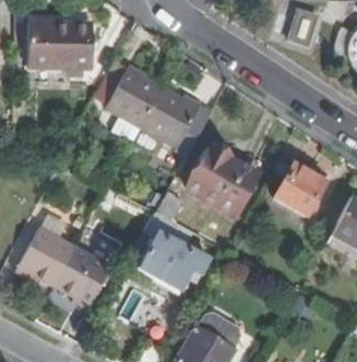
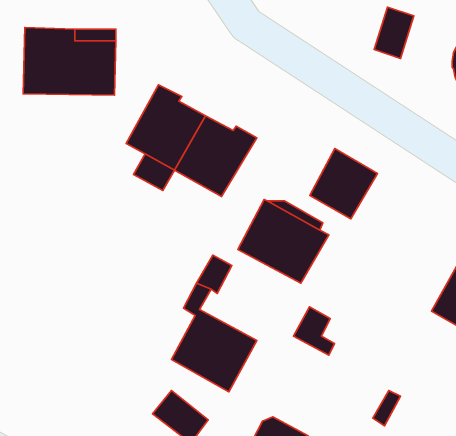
building: [275,164,325,216] -> [310,148,377,219]
building: [17,227,111,310] -> none

